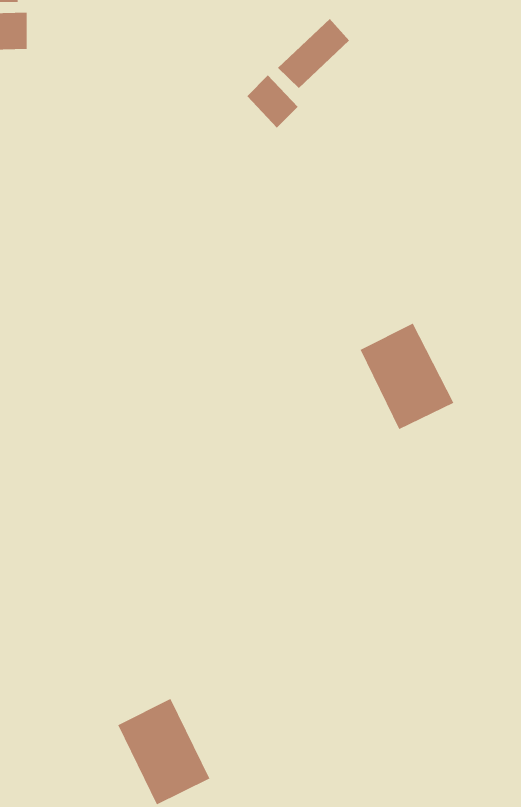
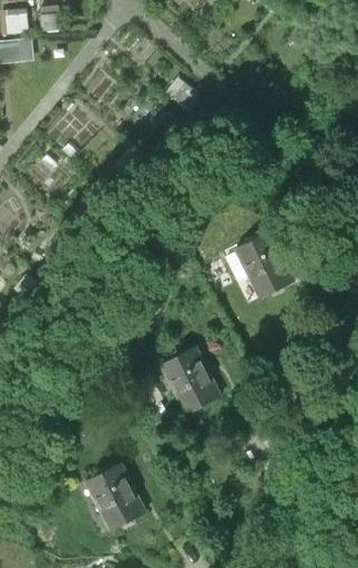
building: [277,18,350,89] -> none
building: none -> [161,346,219,413]

